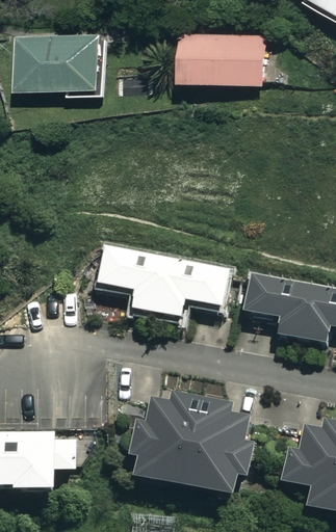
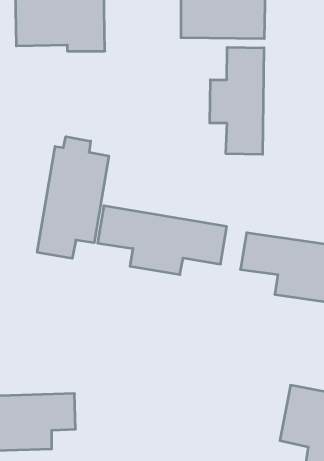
building: none -> [210,47,264,154]
building: none -> [37,137,109,258]
building: [130,399,248,494] -> none

